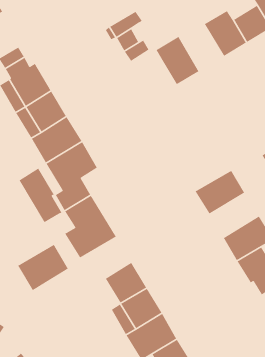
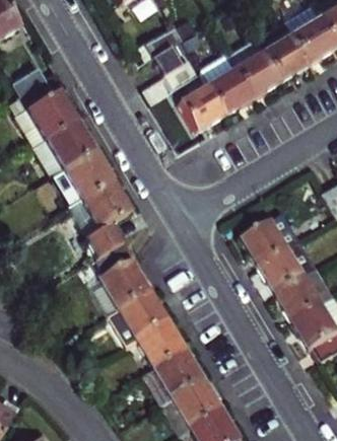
building: none -> [227,43,279,98]
building: none -> [180,87,223,131]
building: [18,167,63,223] -> none
building: none -> [262,241,321,294]
building: [17,244,69,291] -> [110,293,171,349]

